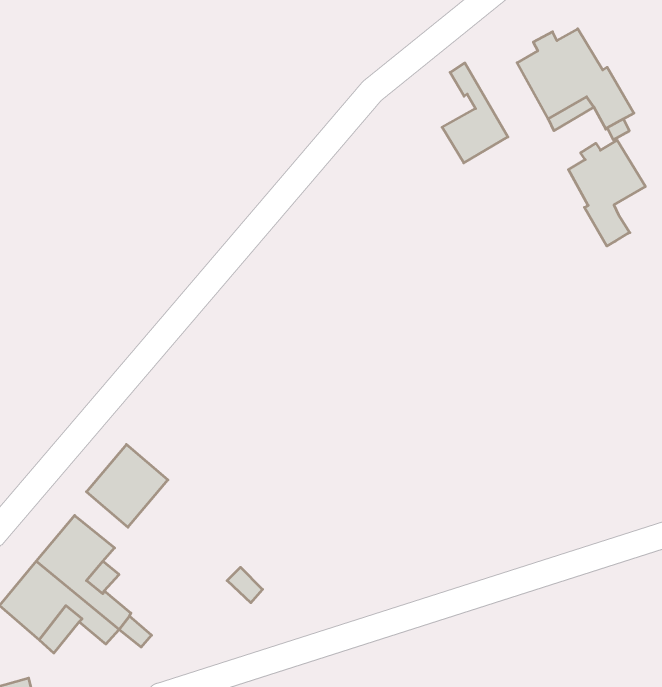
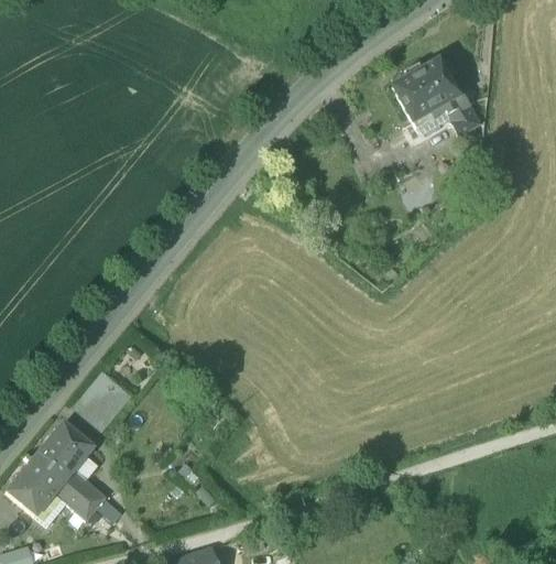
building: [442,63,508,163] -> none
building: [568,140,645,246] -> none

